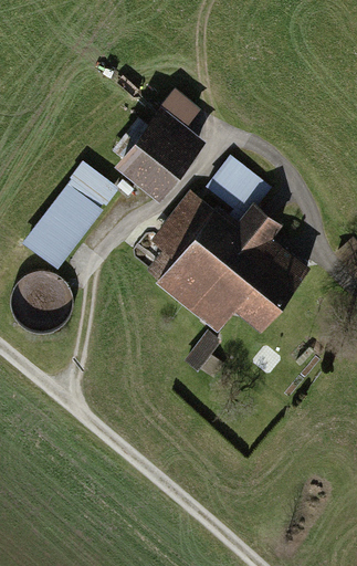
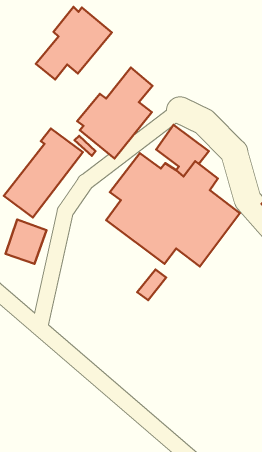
building: none -> [36,7,112,79]

